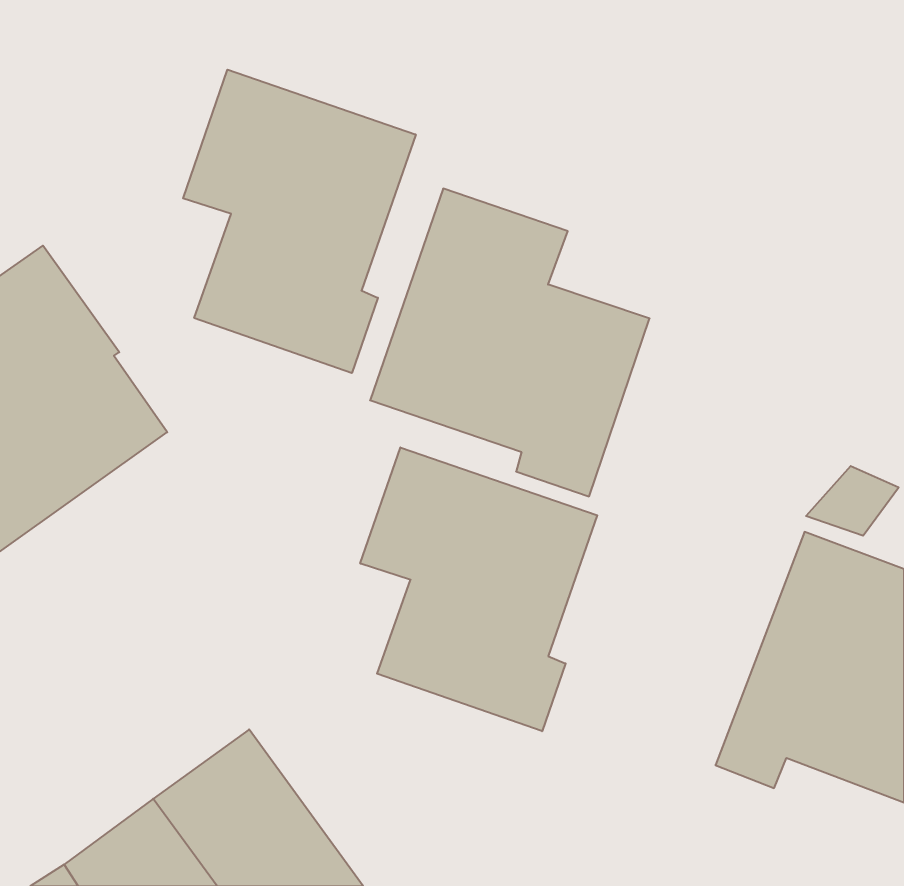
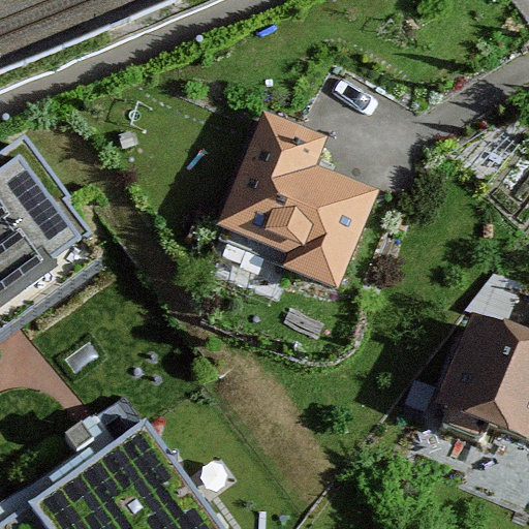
building: [183,70,416,373] -> none
building: [360,447,597,731] -> none

